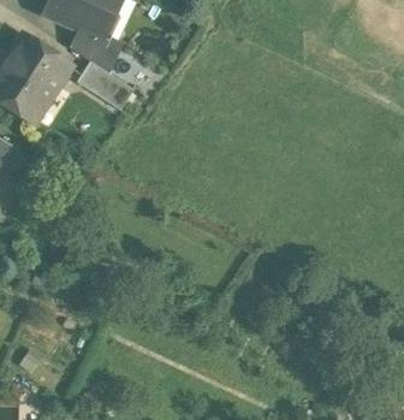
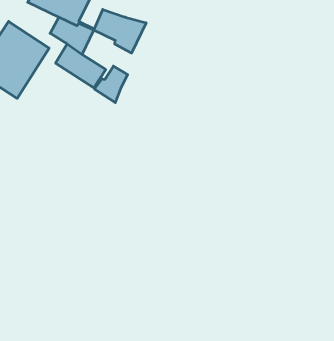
building: none -> [94,9,146,53]
building: none -> [95,66,128,103]

